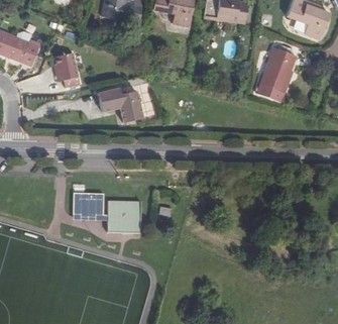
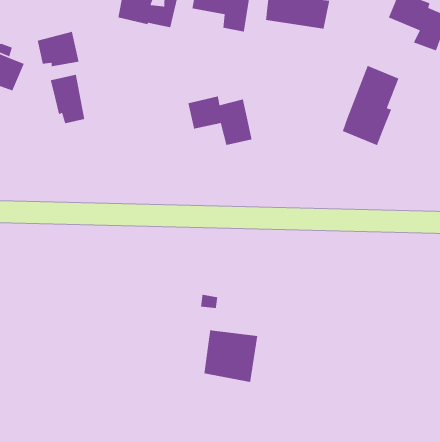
building: none -> [37,31,79,67]
building: [98,89,142,123] -> [188,96,253,146]
building: [73,191,104,218] -> none
building: [108,196,145,232] -> [204,330,258,383]

